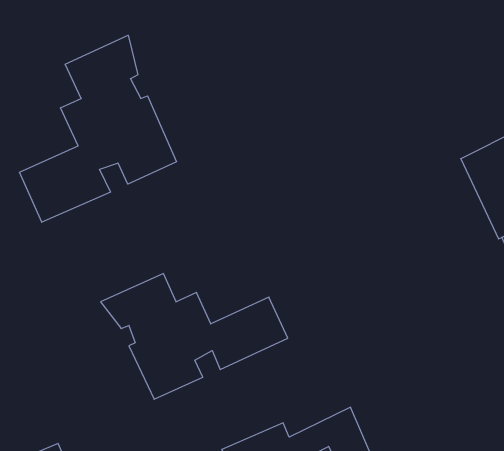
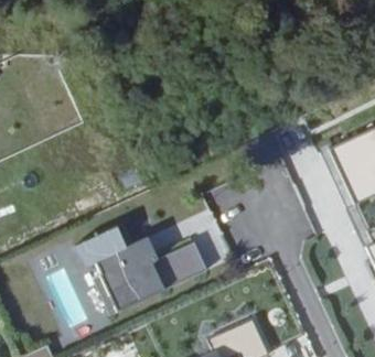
building: [19,35,177,222] -> none

